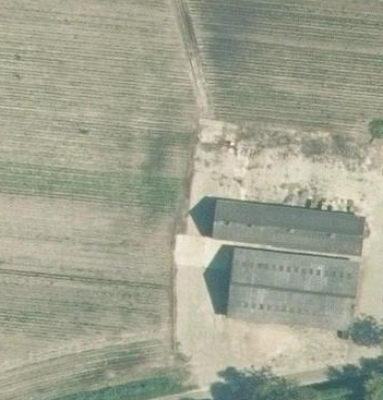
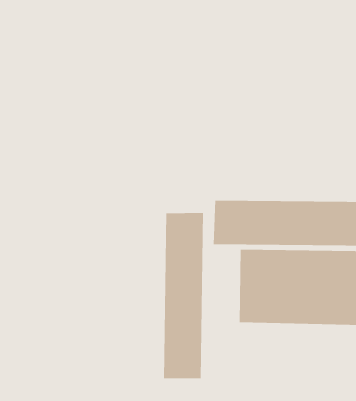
building: none -> [163,212,203,379]

